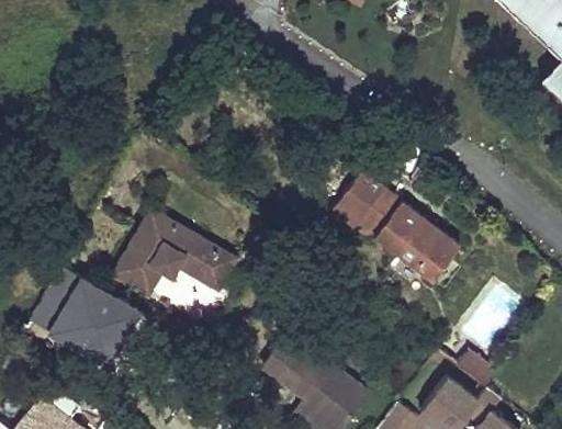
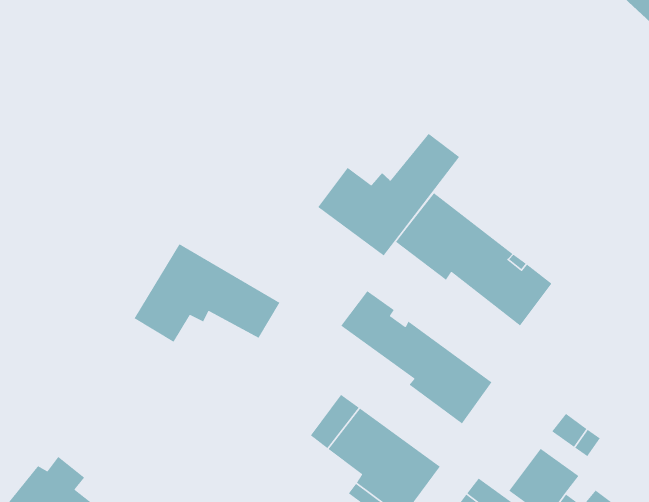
building: none -> [317,133,460,256]
building: none -> [340,290,493,425]
building: [36,267,138,361] -> none

